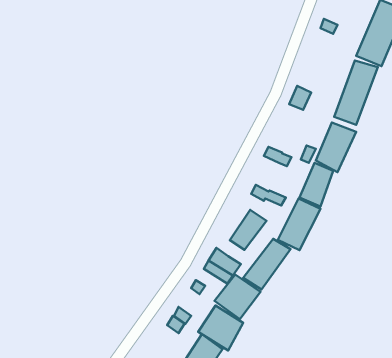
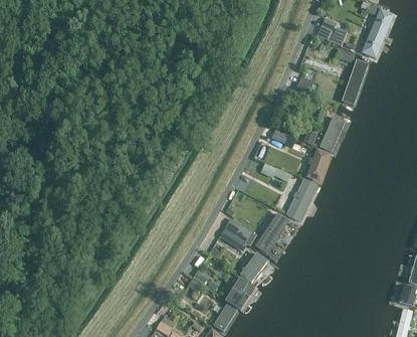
building: [230,210,267,250] -> none

